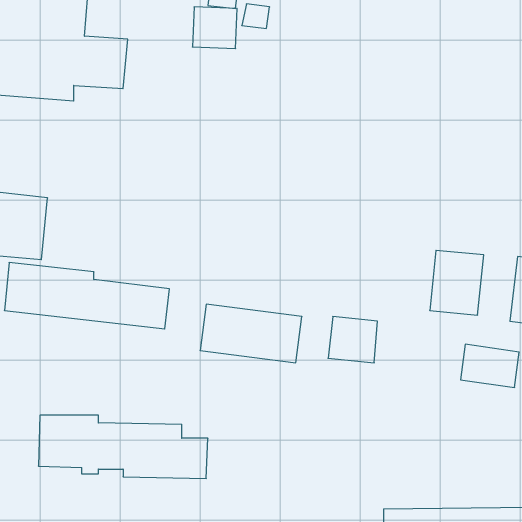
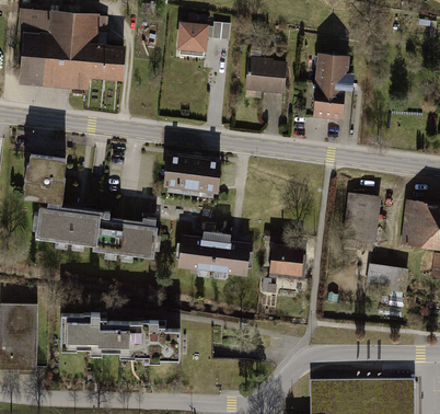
building: none -> [313,53,350,119]
building: none -> [244,57,287,93]
building: none -> [165,151,225,194]

